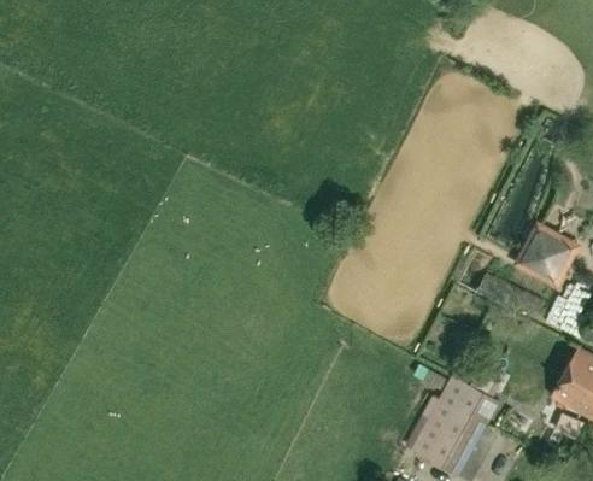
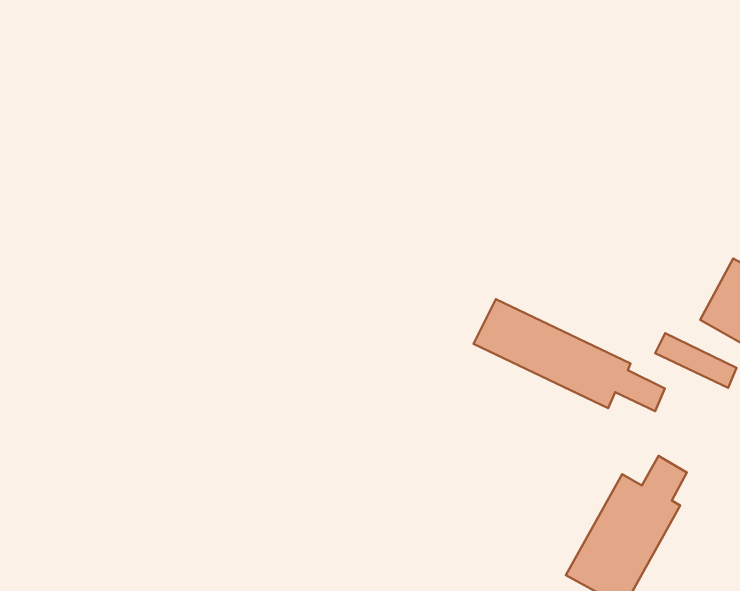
building: none -> [473,299,665,411]

